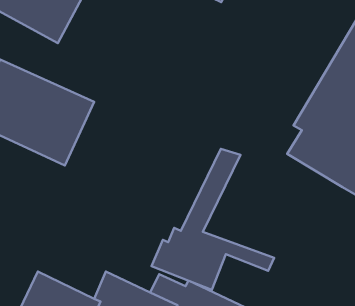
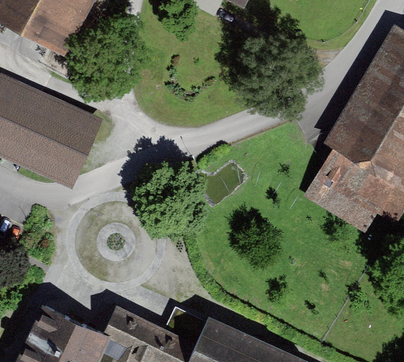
building: [151,149,274,290] -> none
building: none -> [304,175,378,233]

